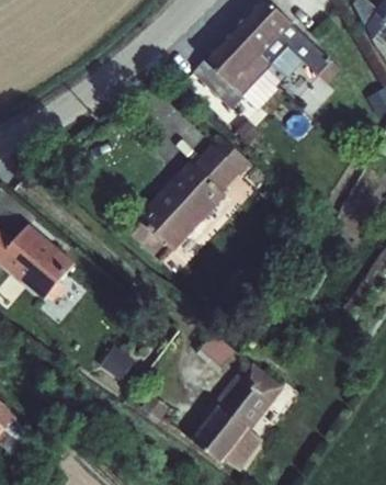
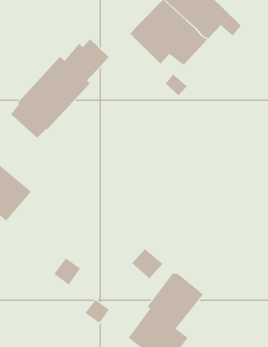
building: [128,139,249,261] -> [10,38,110,138]

